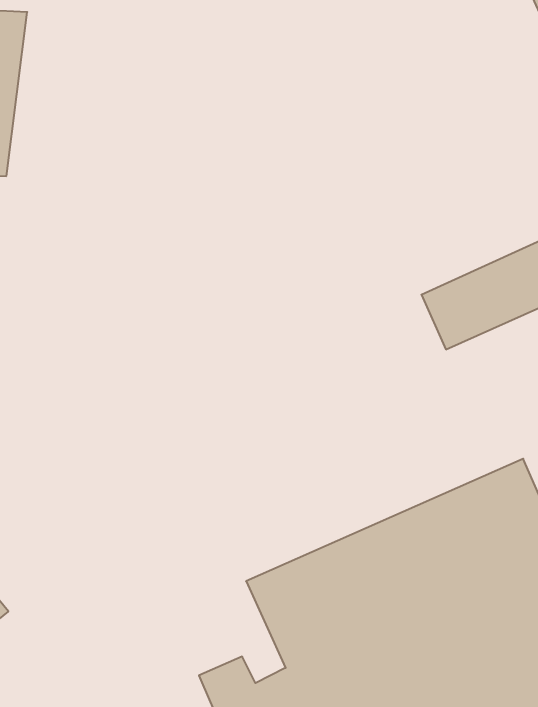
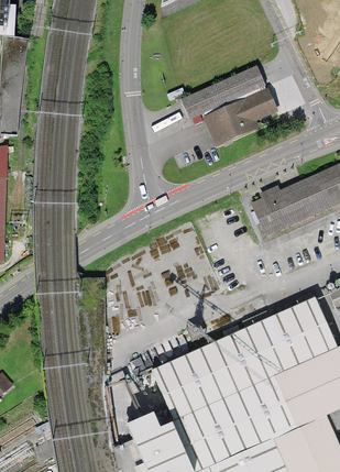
building: none -> [183,65,277,143]

